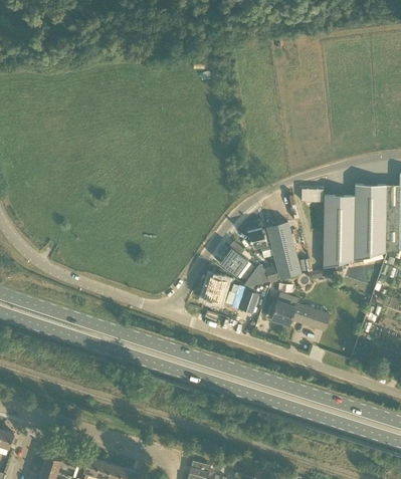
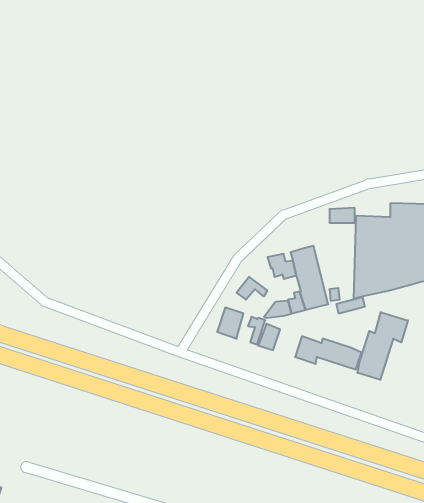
building: none -> [358,312,408,380]

